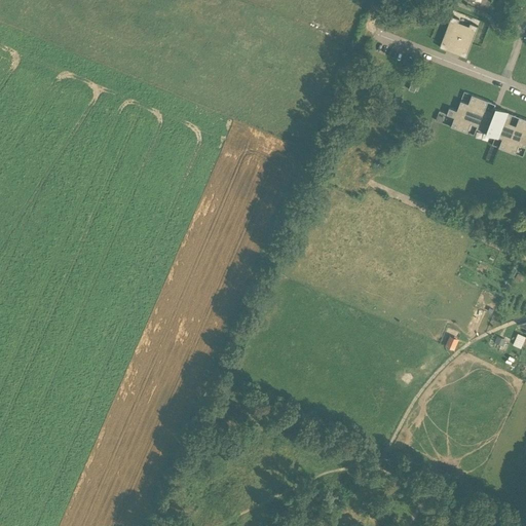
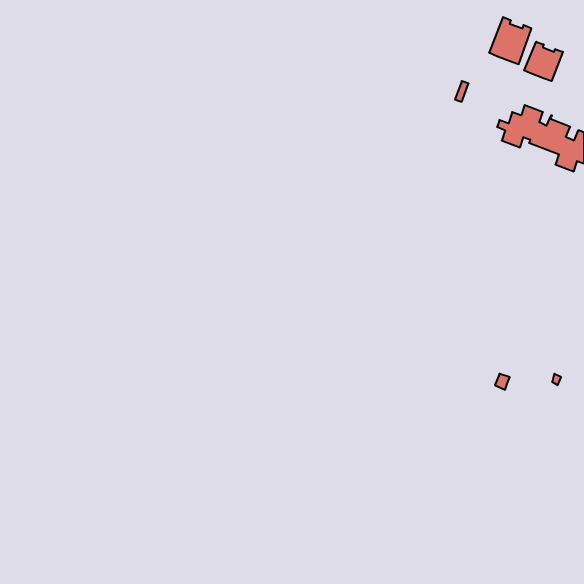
building: none -> [524,42,563,81]

